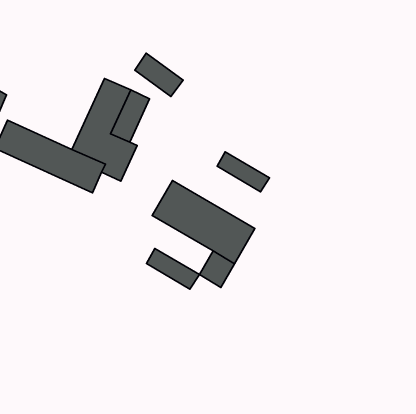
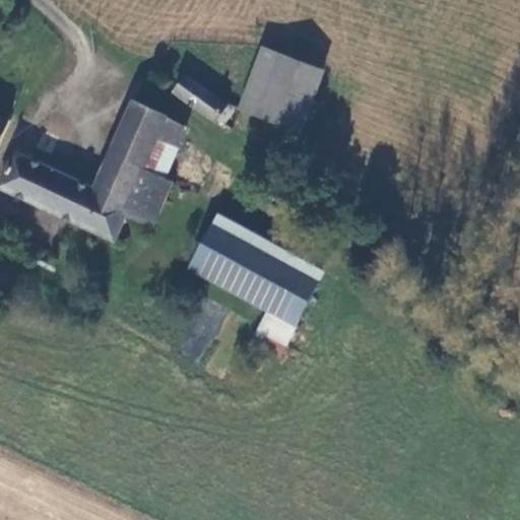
building: none -> [246,45,321,125]
building: [217,152,270,192] -> none
building: [146,248,200,289] -> none

